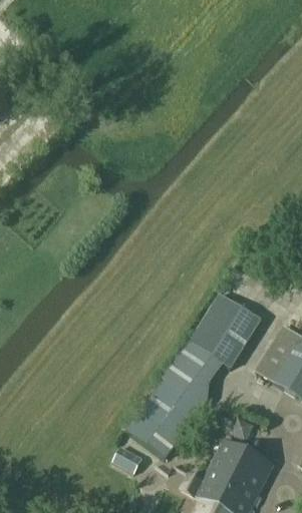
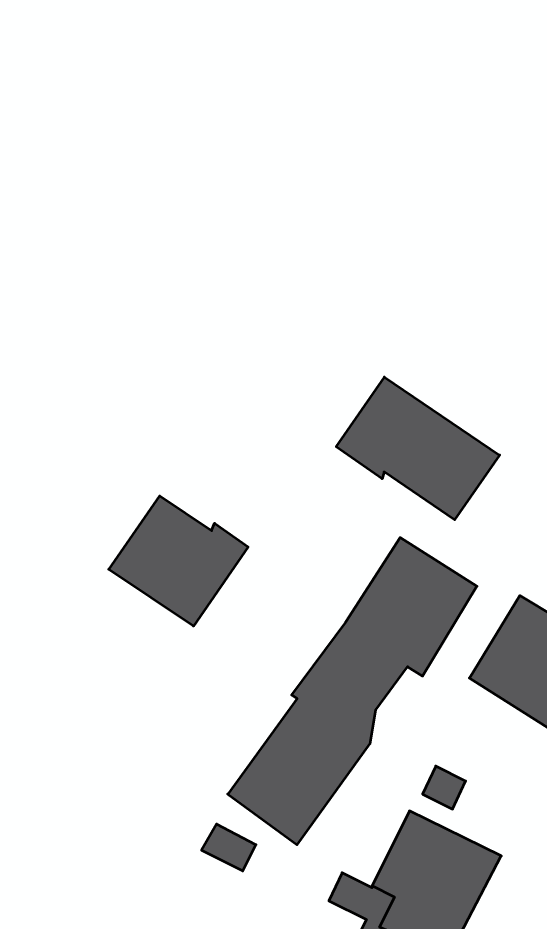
building: none -> [336,377,500,520]
building: none -> [109,496,248,626]

